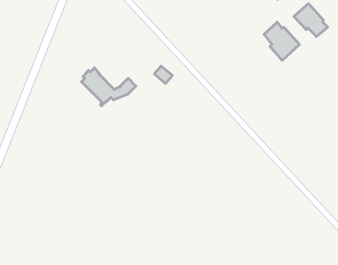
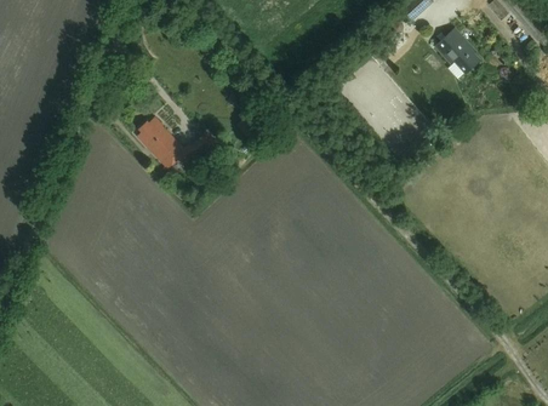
building: [264,22,299,60] -> none

